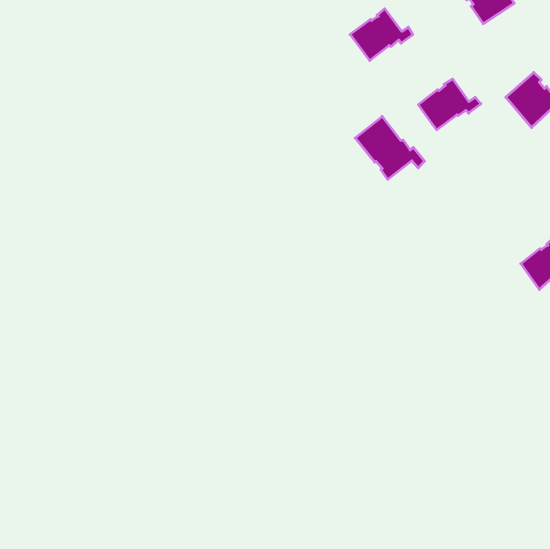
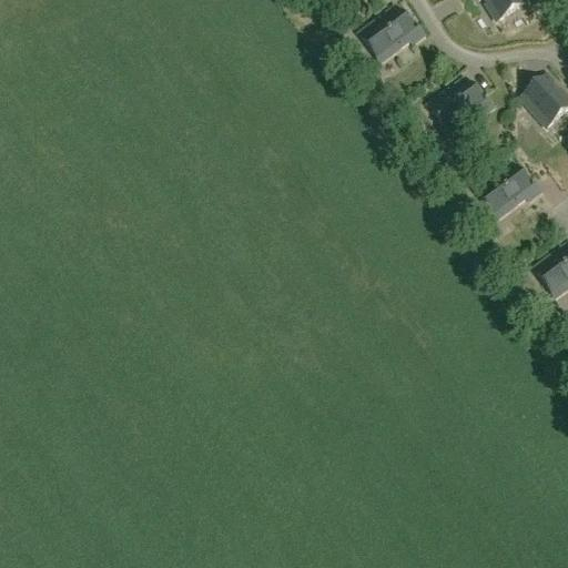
building: [355,116,425,179] -> none
building: none -> [478,166,542,219]

